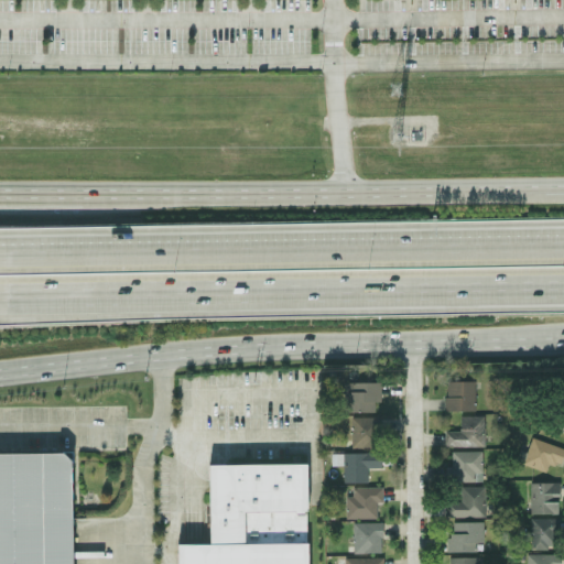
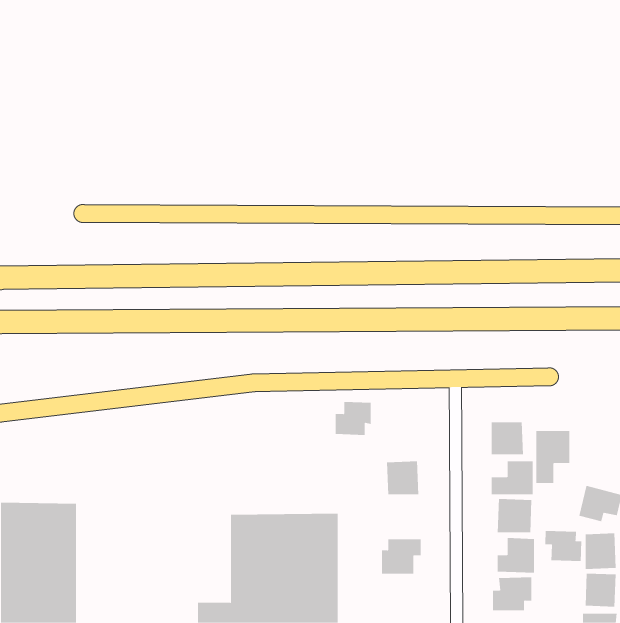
building: [348,381,381,412] -> [335,401,371,435]
building: none -> [536,430,570,484]
building: [344,452,382,482] -> none
building: none -> [545,530,582,562]
building: [348,522,382,553] -> none

